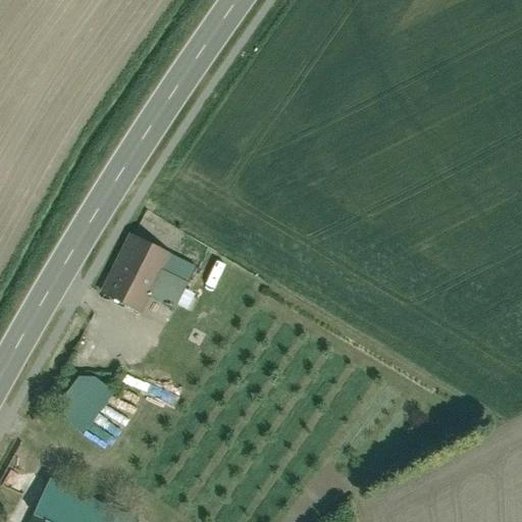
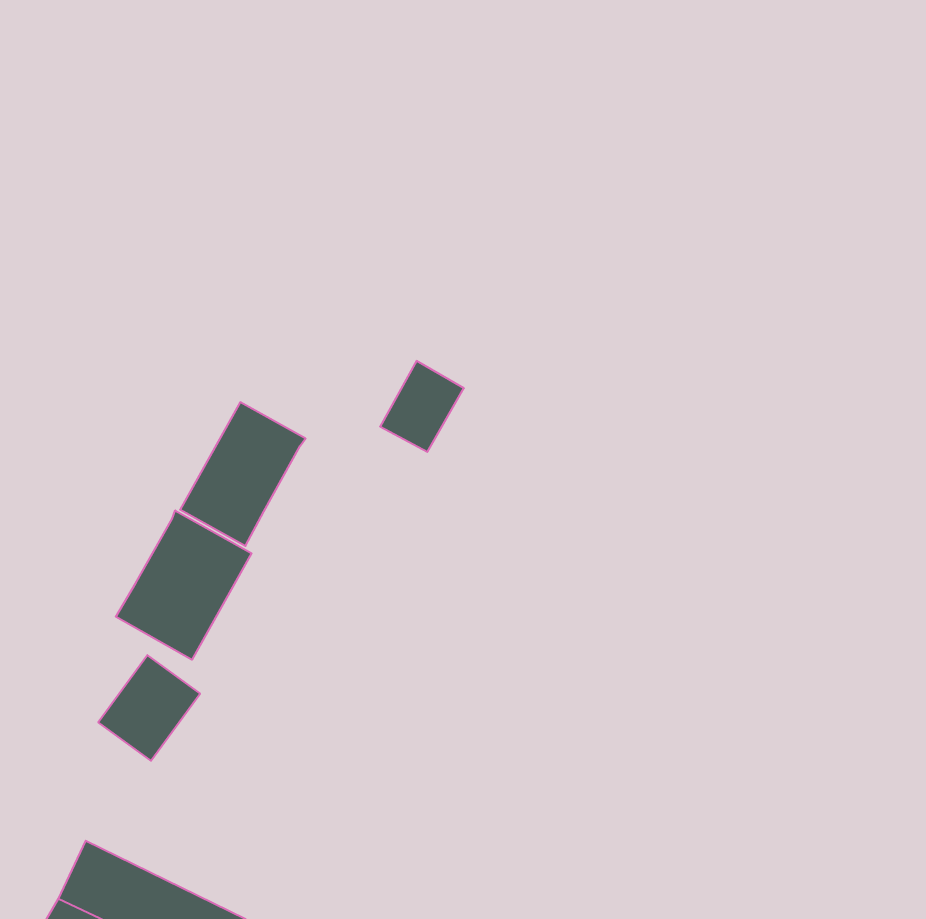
building: [148,256,195,307] -> [380,361,464,452]
building: none -> [116,510,252,660]

